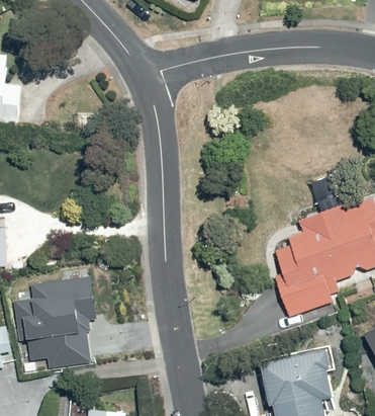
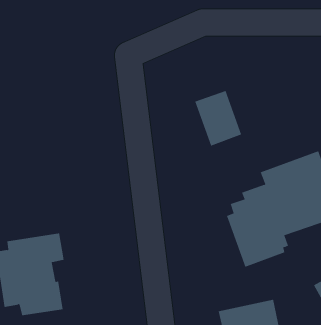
building: none -> [194,90,242,146]

